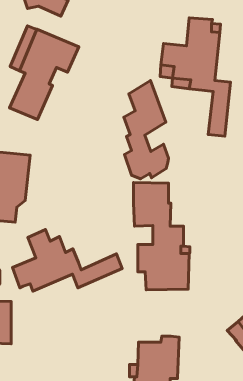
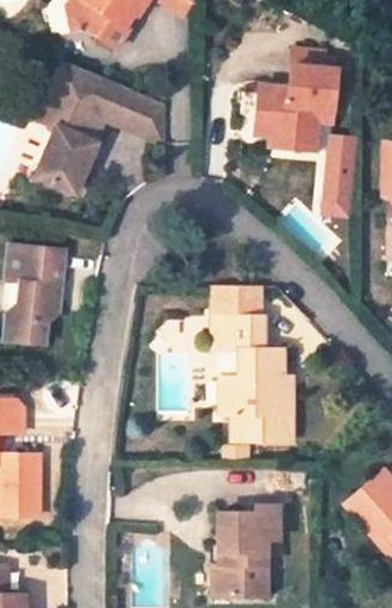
building: none -> [120,91,165,147]
building: [124,81,168,179] -> none
building: [12,229,122,291] -> none

